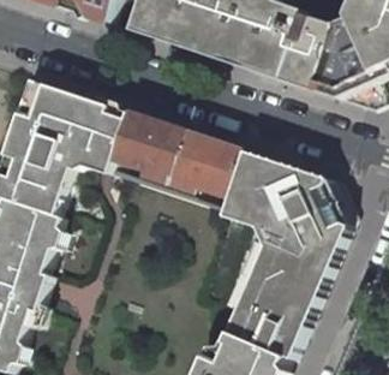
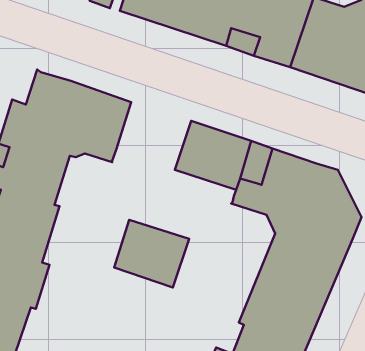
building: [113,112,185,177] -> [114,220,189,288]

